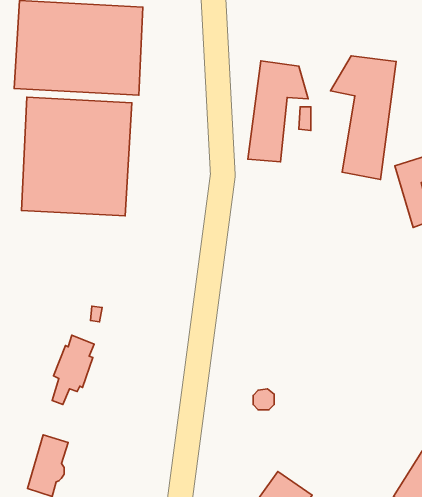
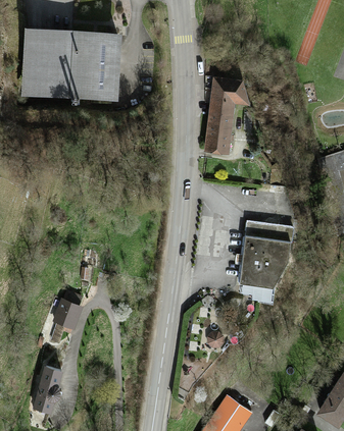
building: [330,56,396,179] -> none
building: [21,97,132,216] -> none
building: none -> [239,220,294,303]

